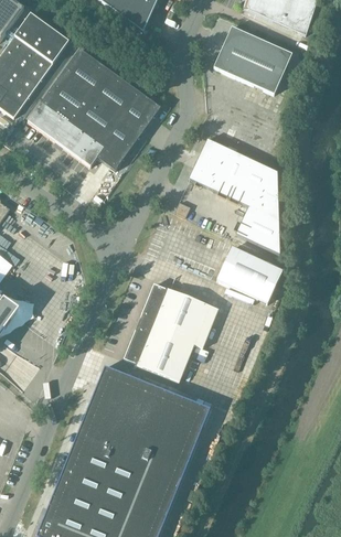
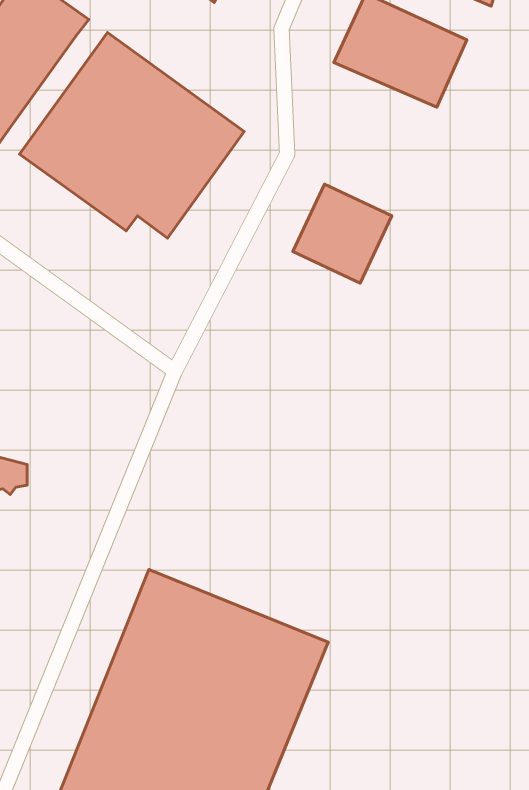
building: [228,157,279,254] -> none
building: [216,246,283,302] -> none
building: [124,283,210,382] -> none

